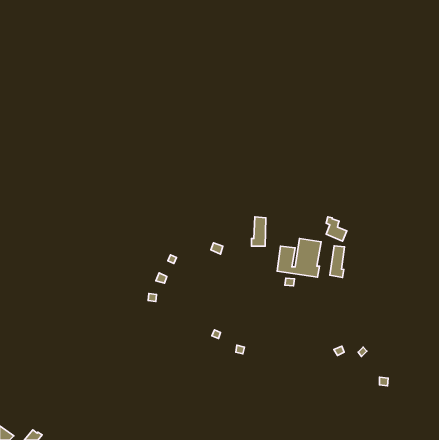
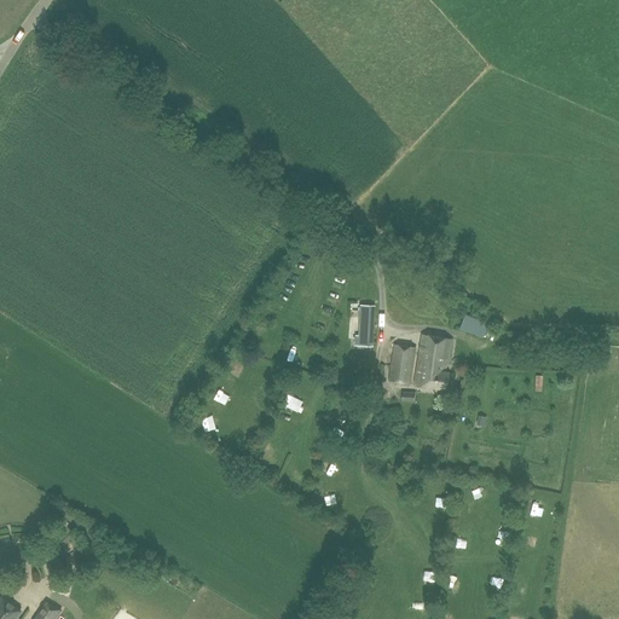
building: [330,246,345,278] -> none

